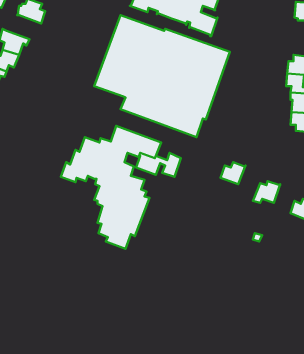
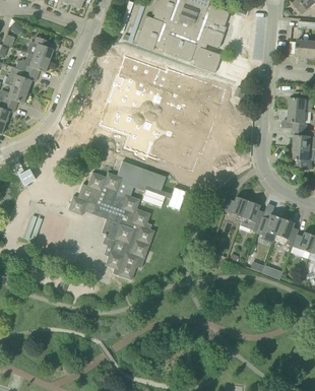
building: none -> [15,53,49,76]
building: none -> [239,199,263,232]
building: none -> [273,217,298,246]

